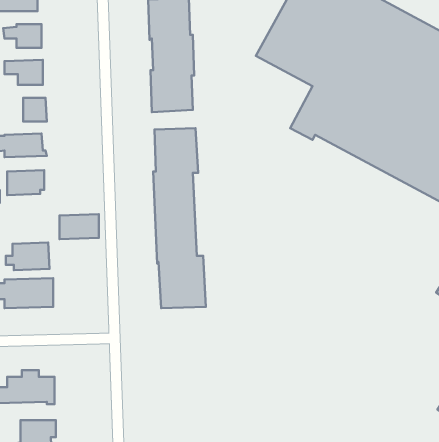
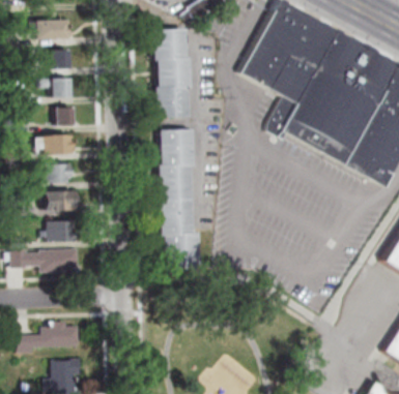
building: [59,214,99,239] -> [45,190,76,210]

